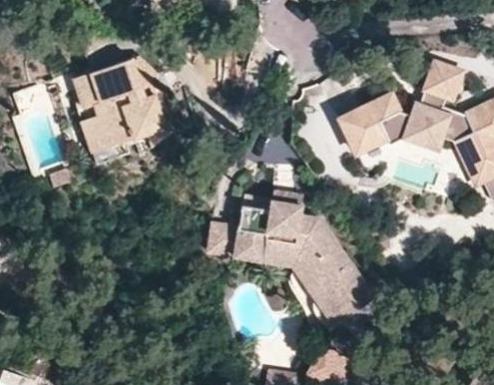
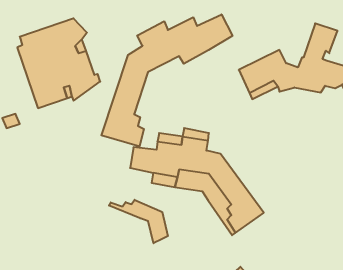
building: none -> [101,14,232,147]
building: none -> [109,200,168,243]

